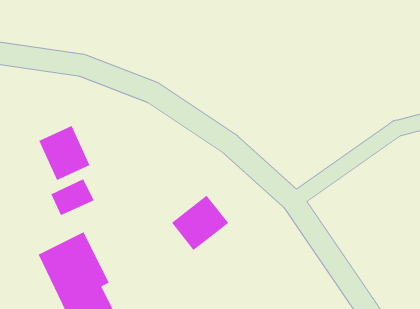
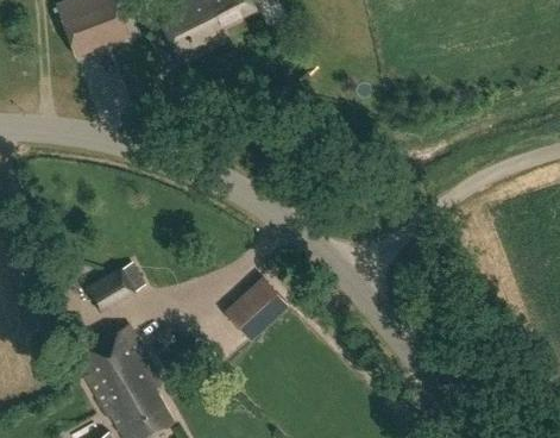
building: [39,125,90,181] -> none

